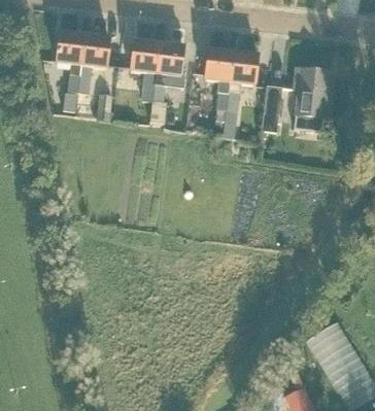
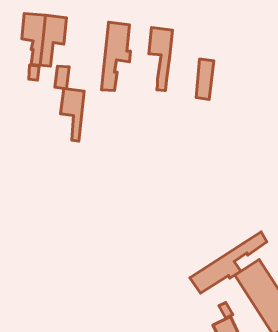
building: [130,40,158,102] -> [60,89,84,141]
building: [221,52,258,139] -> none
building: [293,67,329,131] -> none
building: none -> [190,232,267,293]

